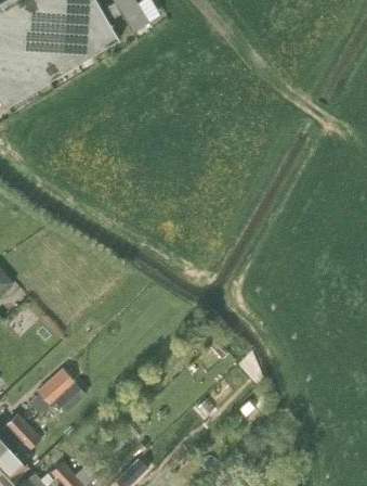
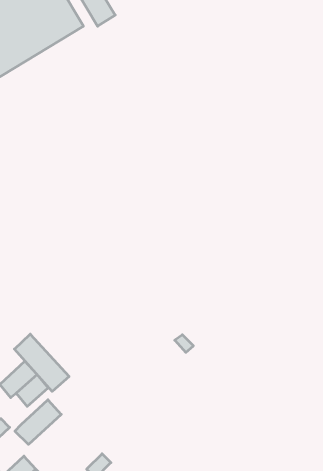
building: none -> [14,334,69,391]
building: none -> [15,400,61,444]

